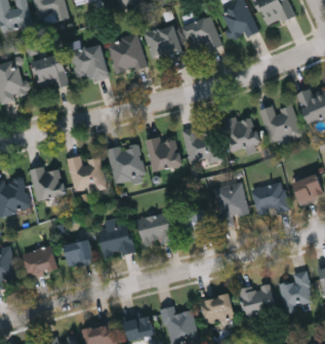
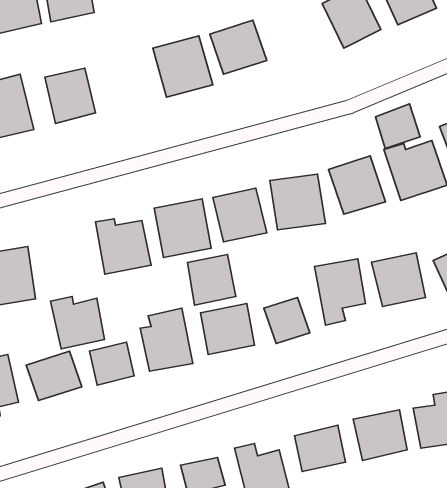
building: [181,14,221,52] -> none
building: [69,44,108,82] -> none
building: none -> [375,104,420,149]
building: [29,166,65,201] -> [50,297,104,349]
building: none -> [188,255,236,305]

